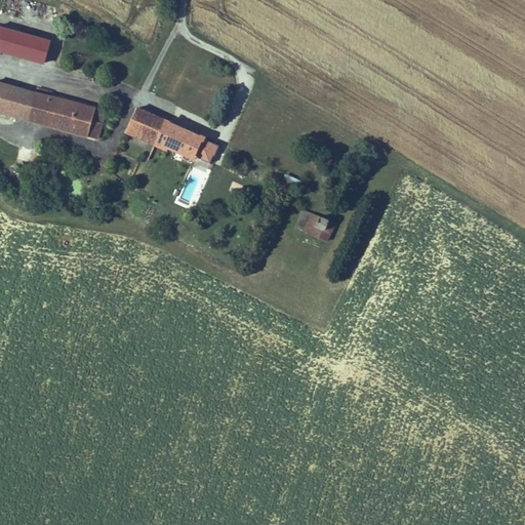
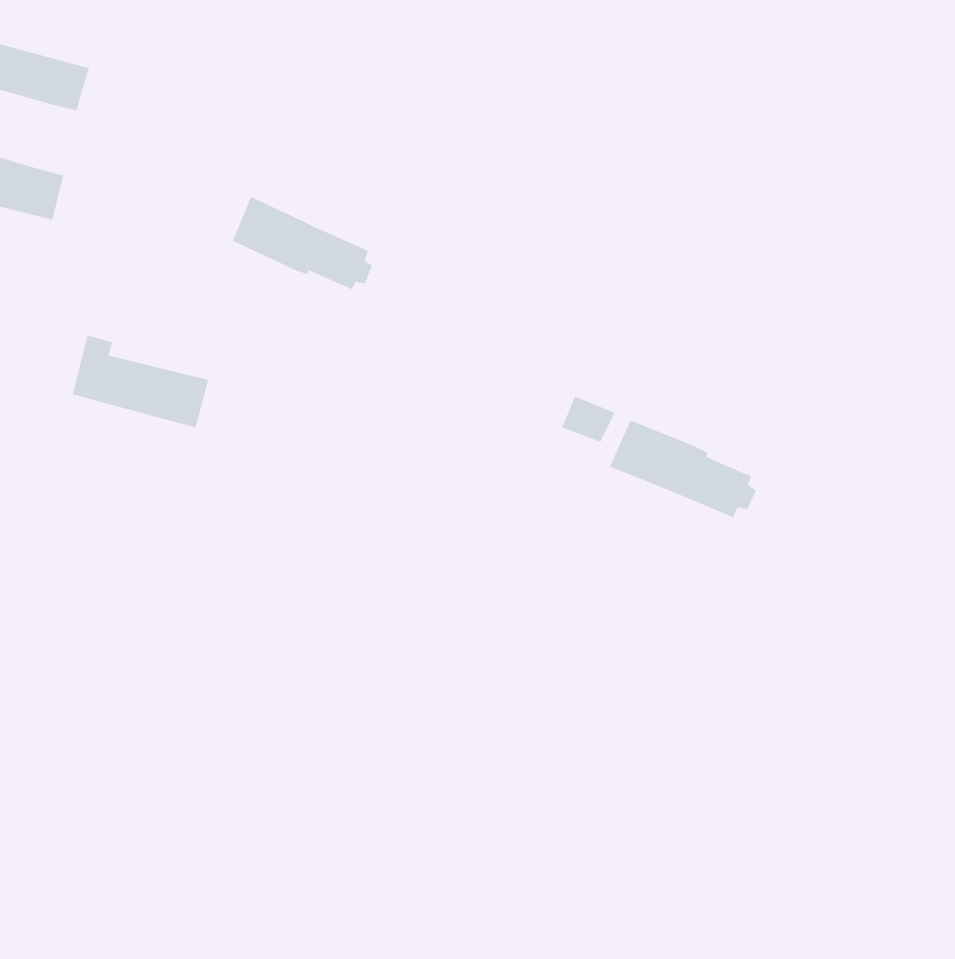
building: [29,87,104,138] -> [72,334,209,429]
building: none -> [609,419,757,518]

